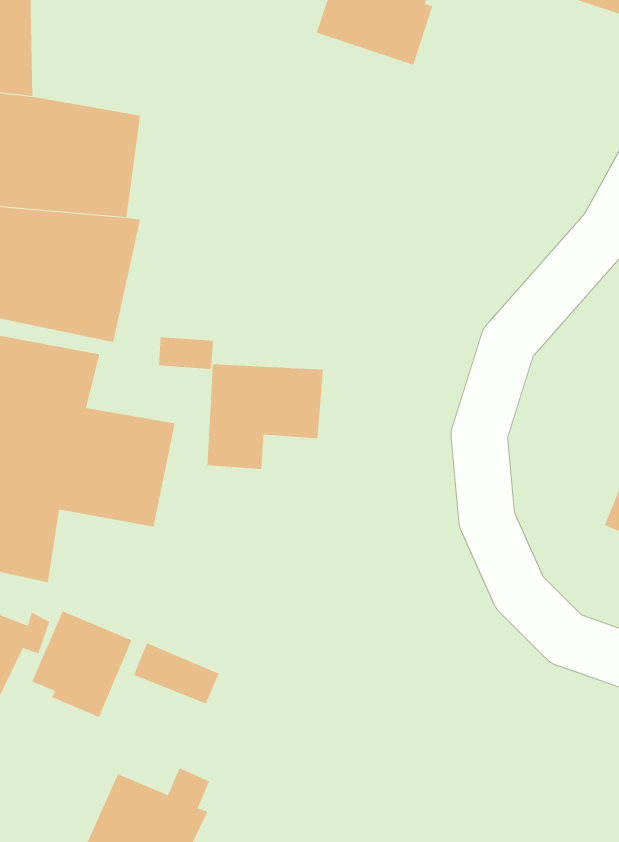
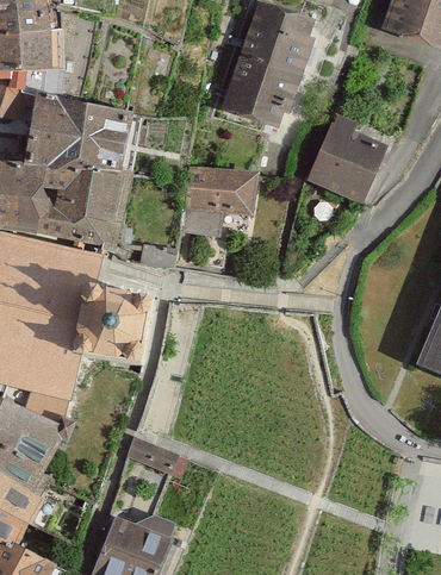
building: none -> [222,57,299,126]
building: none -> [308,115,385,201]
building: [207,364,324,469] -> [184,168,256,233]
building: [31,611,132,718] -> none

